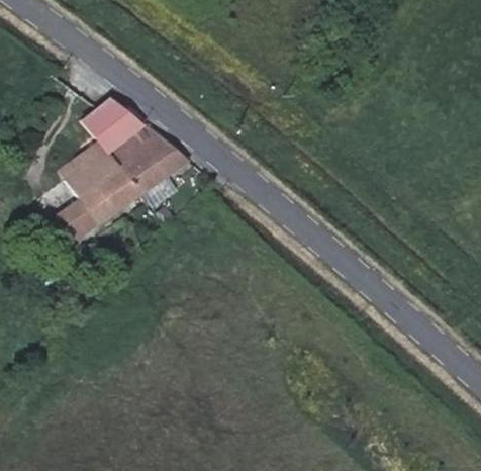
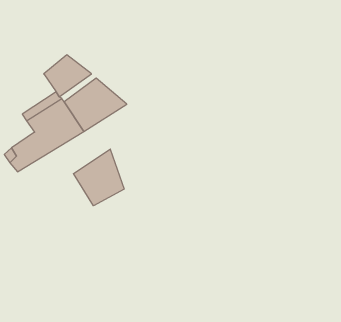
building: none -> [73,149,124,206]

